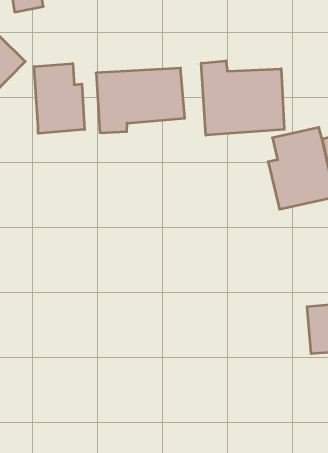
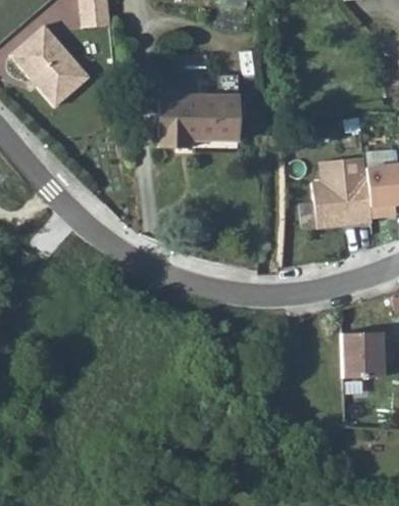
building: [201,61,284,135] -> none
building: [34,63,85,133] -> none

